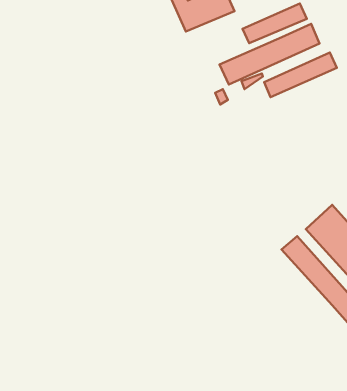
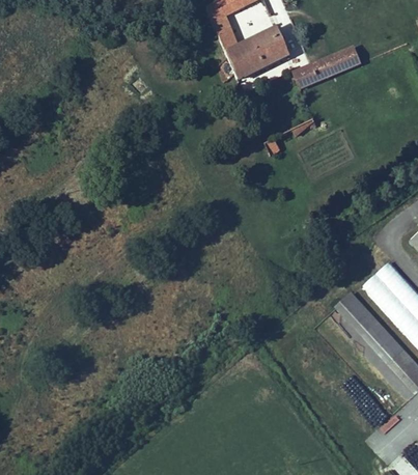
building: [219,24,319,85] -> none
building: [264,52,337,97] -> none

